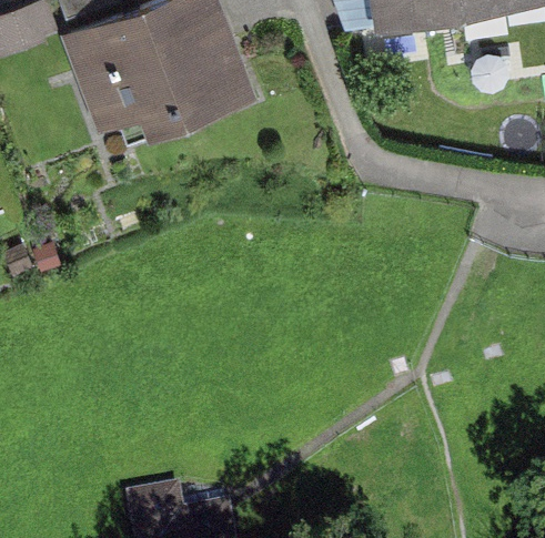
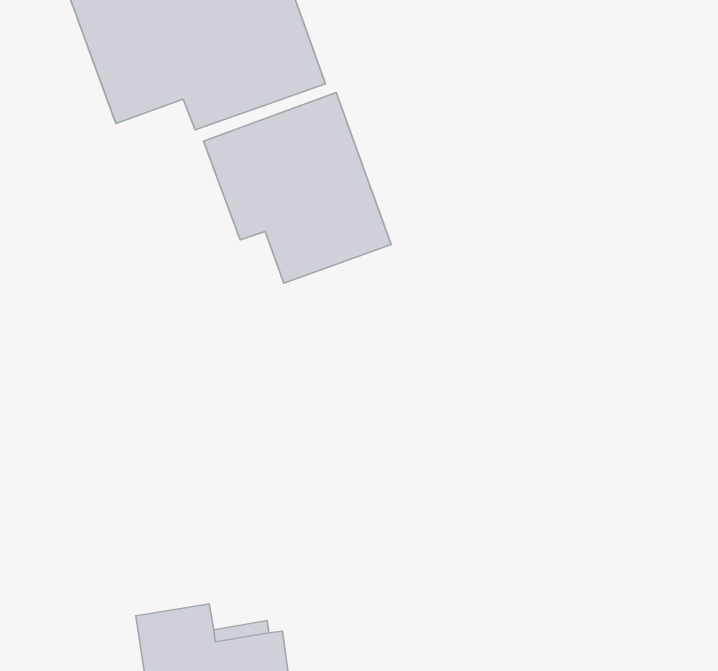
building: none -> [204,93,391,283]

